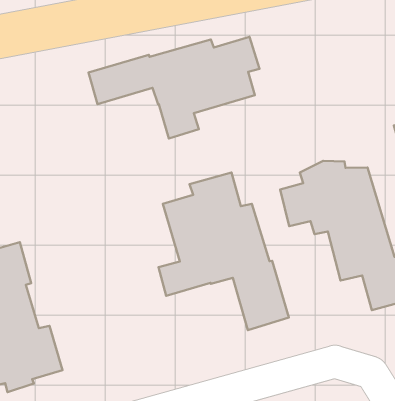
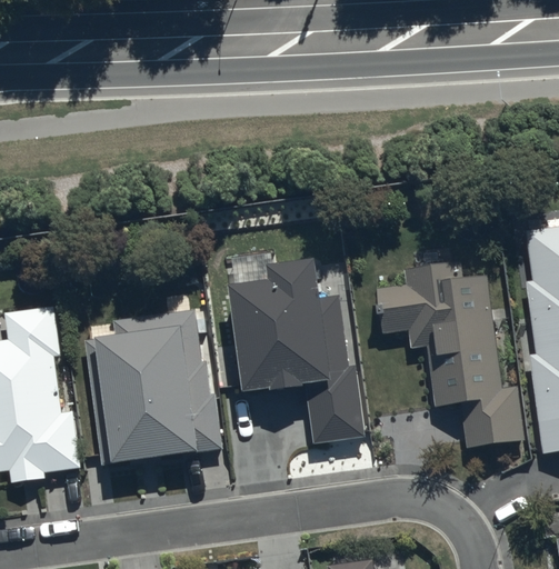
building: [89,37,259,138] -> none
building: none -> [87,301,227,467]

